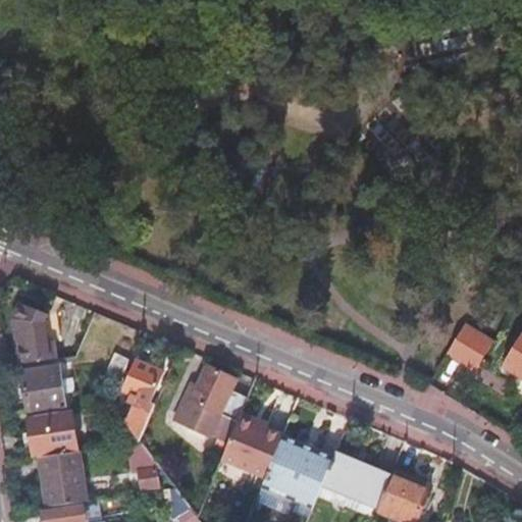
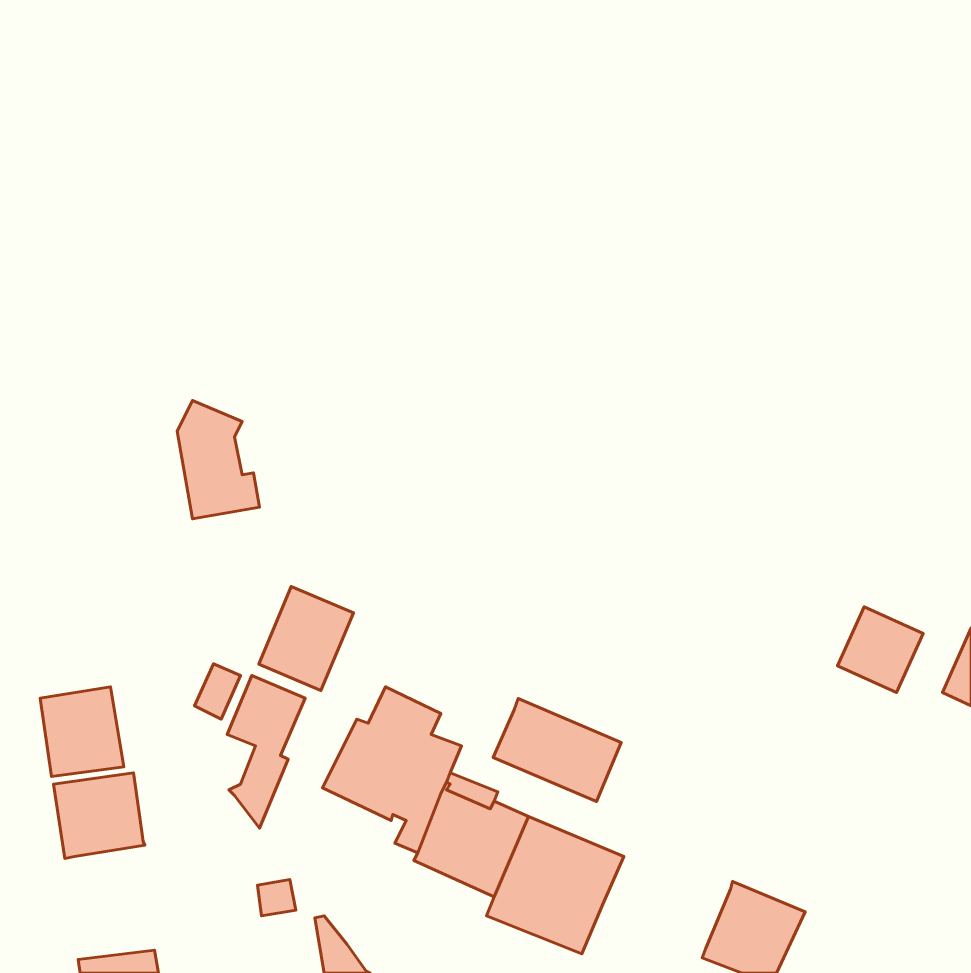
building: [12,304,56,367] -> [177,400,259,519]
building: none -> [259,587,354,690]
building: [40,452,87,509] -> none
building: [322,452,390,507] -> [493,698,621,801]

